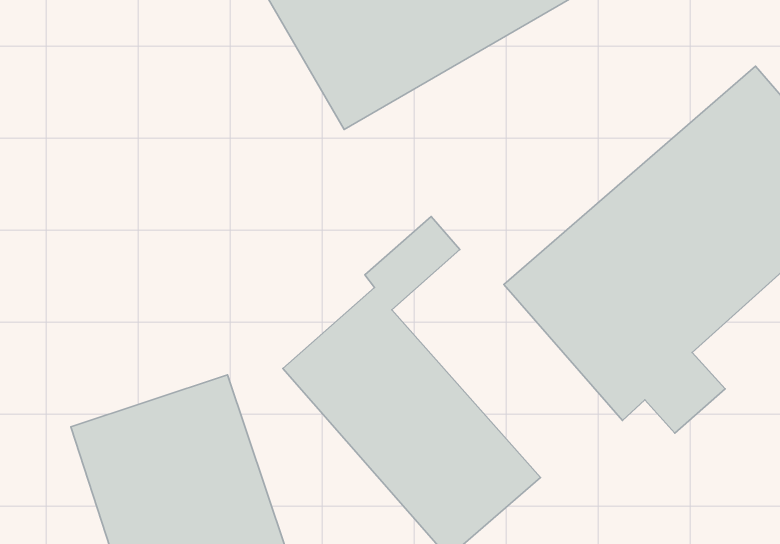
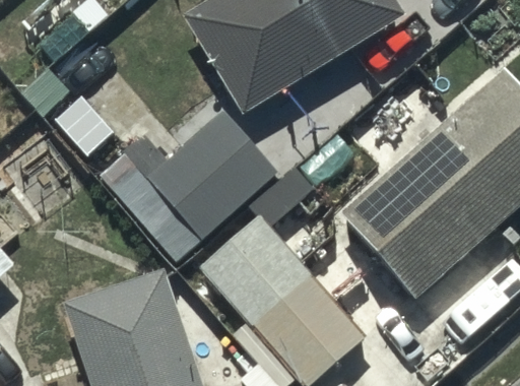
building: none -> [133,114,275,255]

